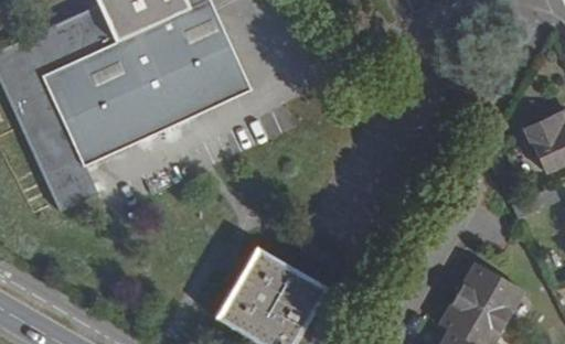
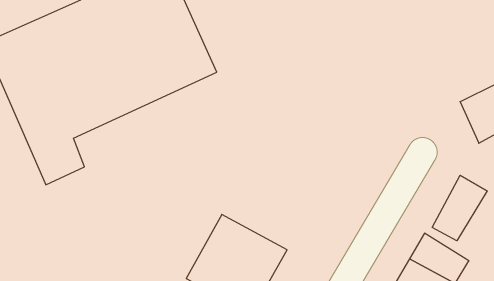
building: none -> [432,175,487,241]

